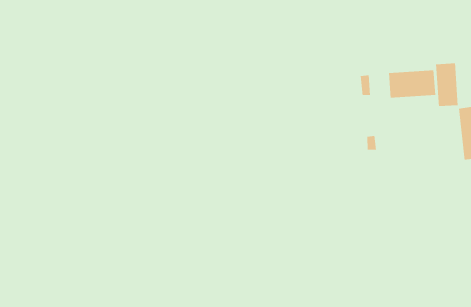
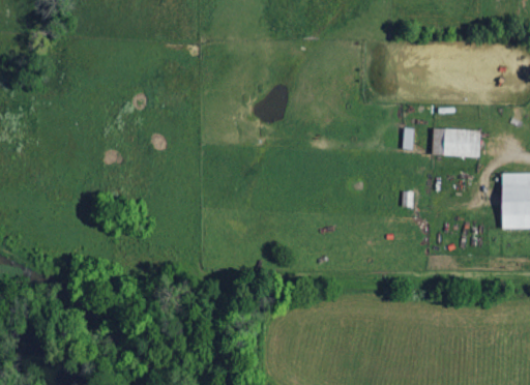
building: [436,63,458,107] -> none

